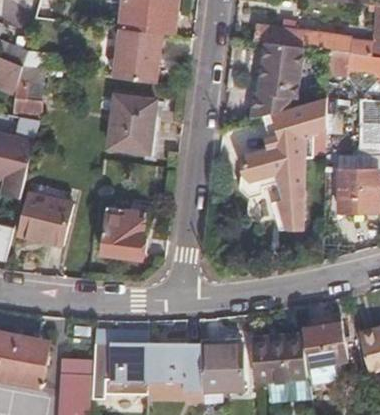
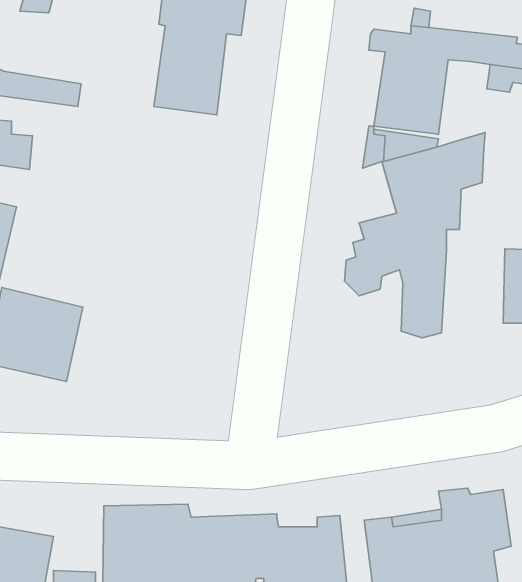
building: [106,93,160,157] -> none
building: [97,207,150,263] -> none

